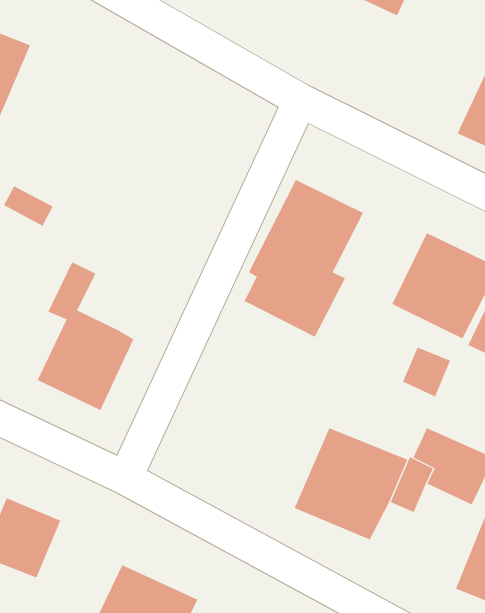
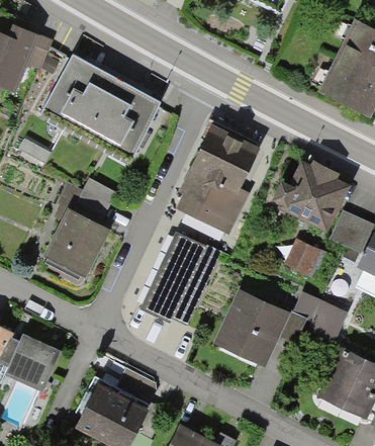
building: none -> [41,55,160,161]
building: none -> [71,176,115,225]
building: none -> [138,228,220,322]

